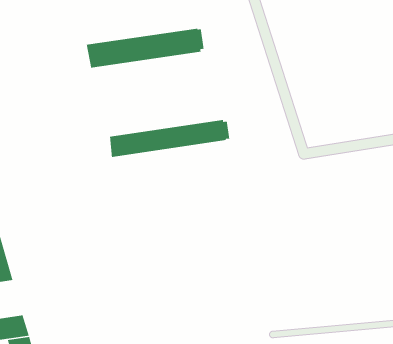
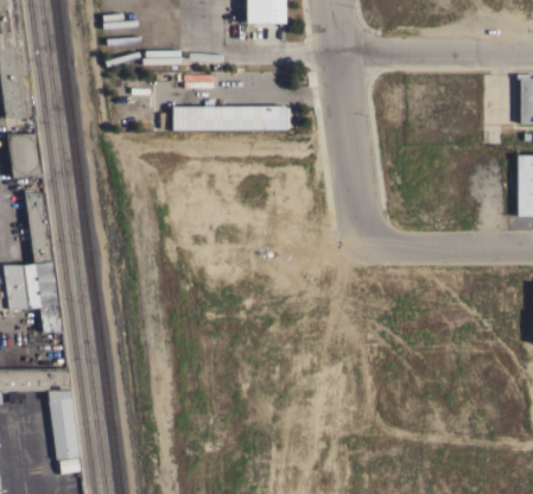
building: [109,119,230,158] -> none

